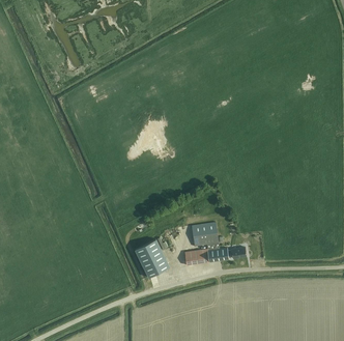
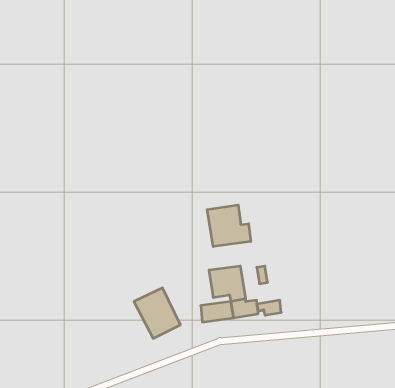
building: none -> [207,205,251,247]

